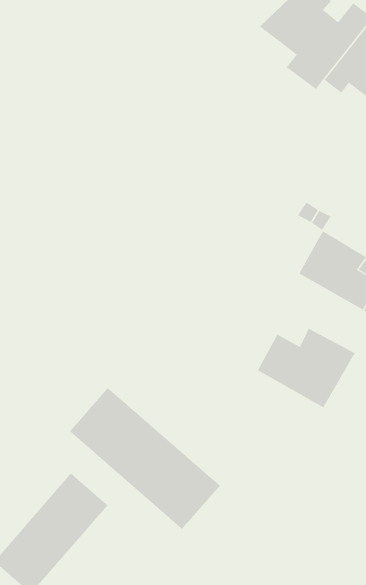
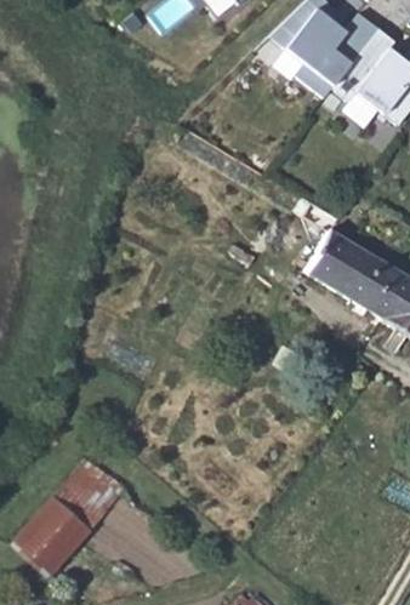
building: [257,328,355,408] -> none
building: [69,387,221,530] -> none

